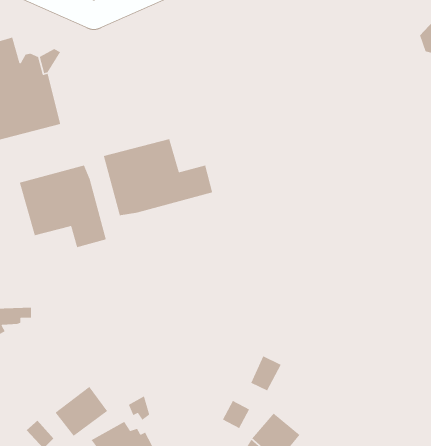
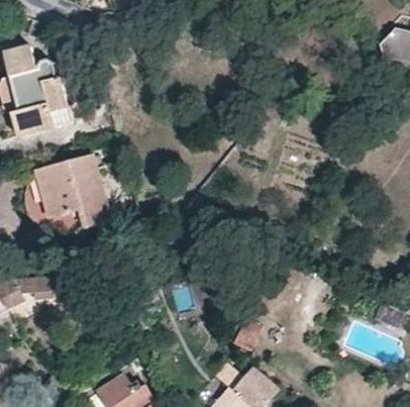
building: [103,138,213,216] -> none
building: [55,386,108,437] -> none

